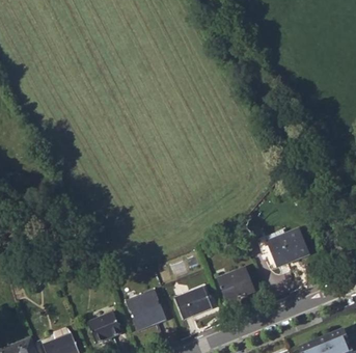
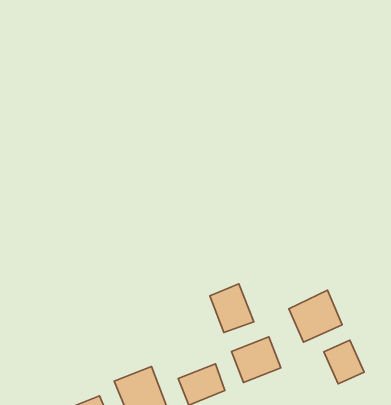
building: none -> [210,284,254,333]
building: none -> [324,340,364,384]

